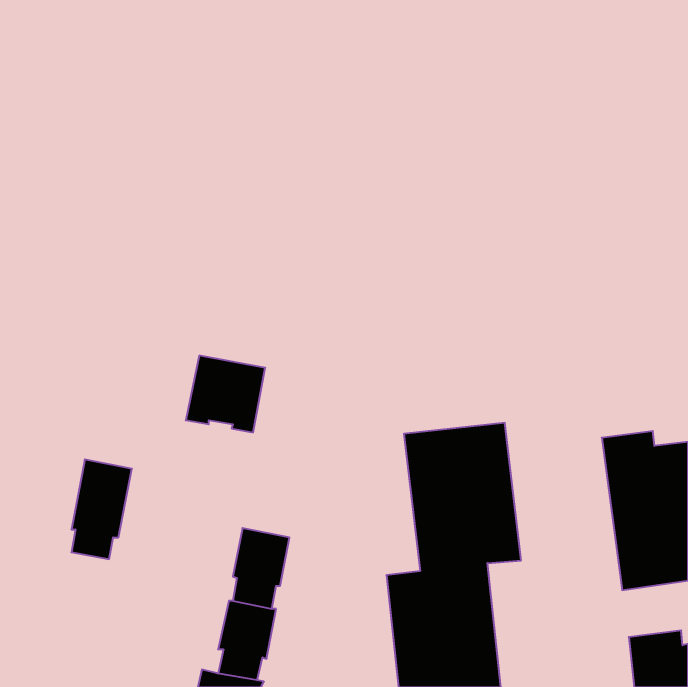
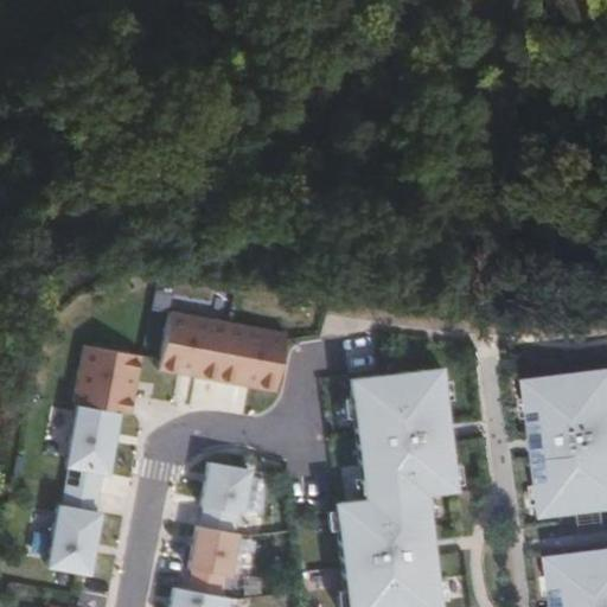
building: none -> [223,324,293,392]
building: none -> [71,345,139,415]
building: none -> [44,486,97,574]

